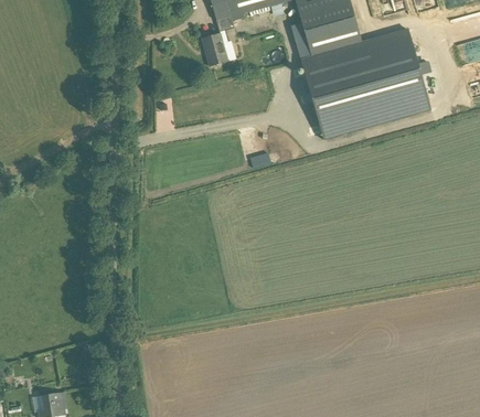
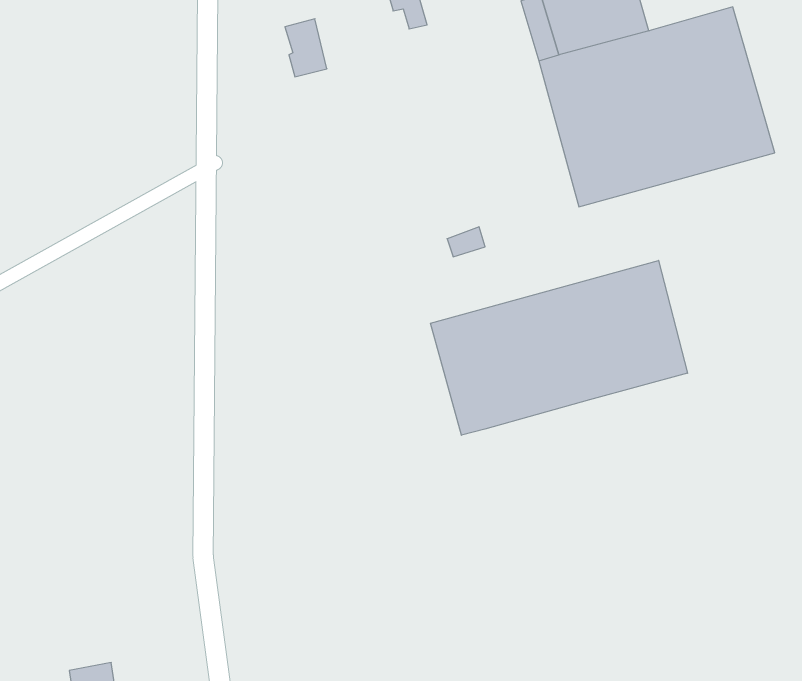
building: [204,33,227,65] -> [285,19,327,77]
building: none -> [430,260,688,435]

